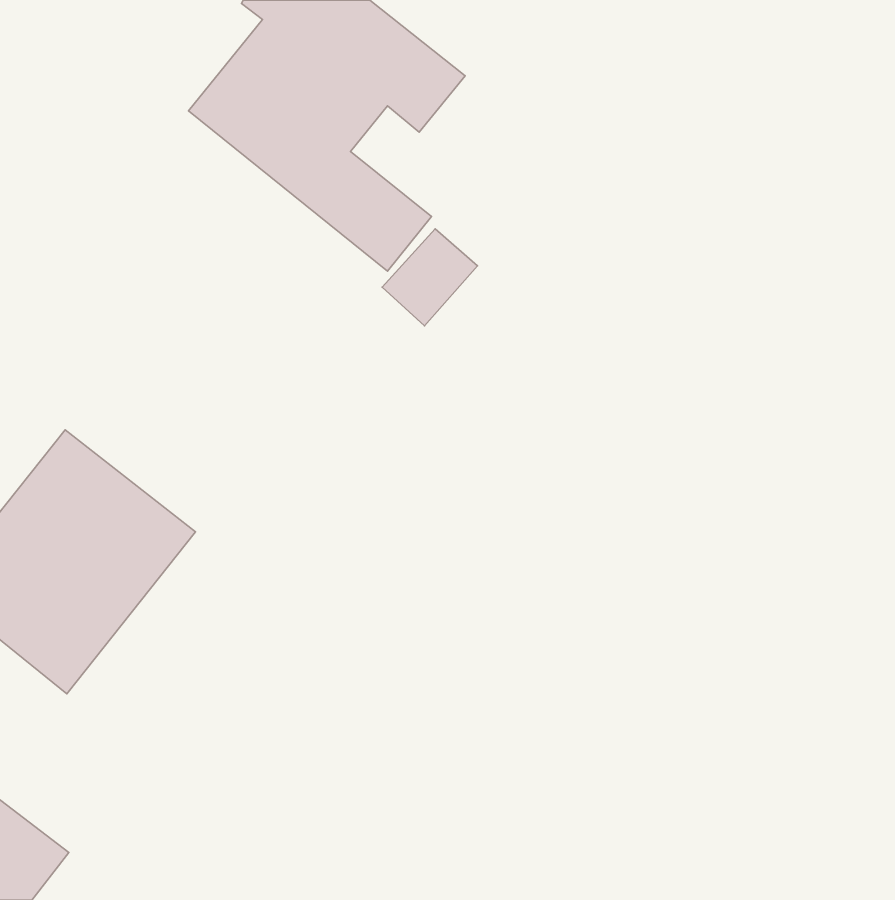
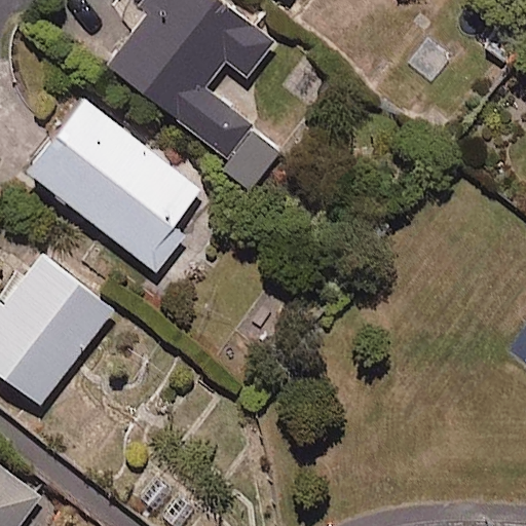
building: none -> [27,98,200,271]

